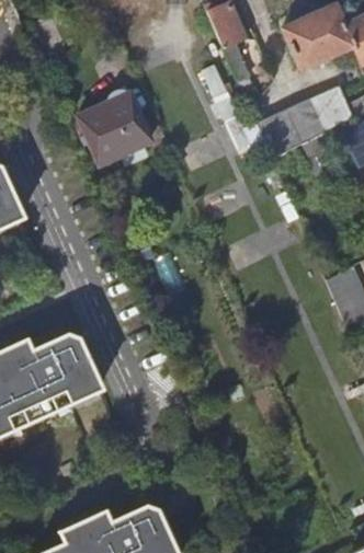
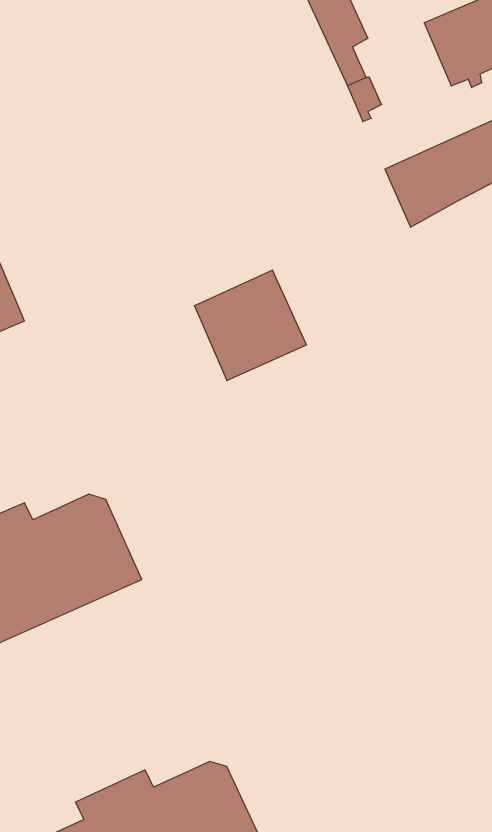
building: [79,93,151,164] -> [194,270,307,381]

